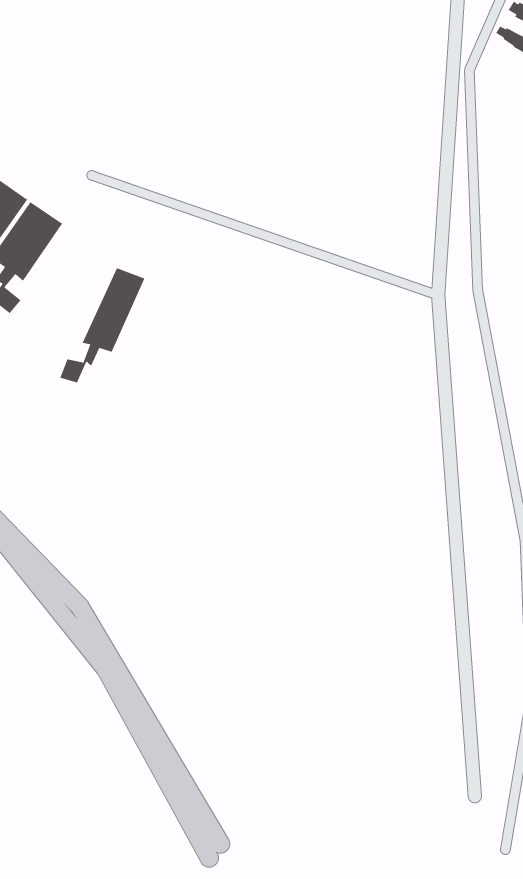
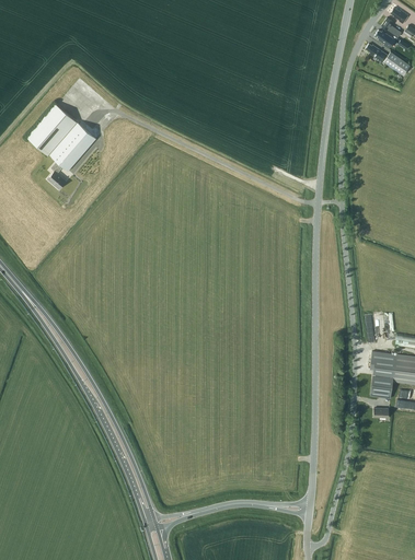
building: [59,267,146,383] -> none

